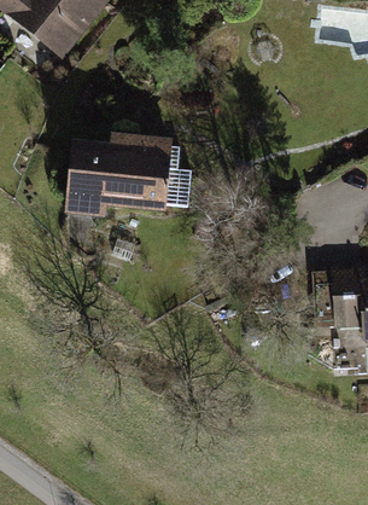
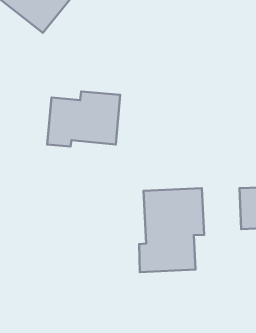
building: none -> [139,188,204,272]

